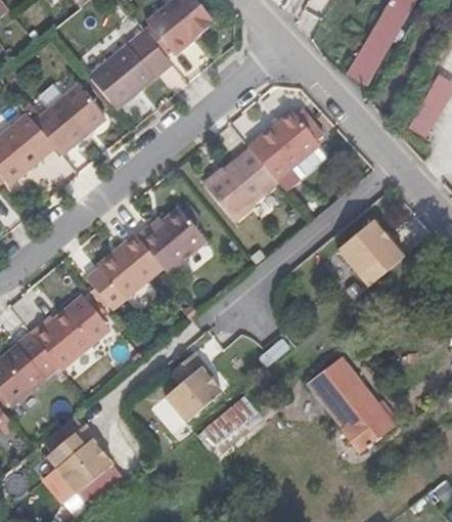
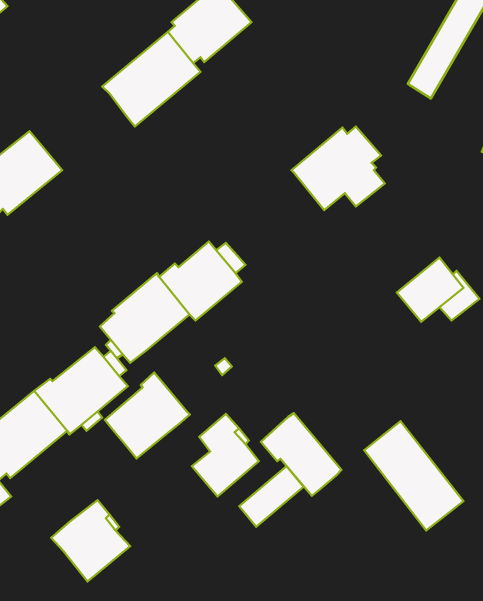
building: [33,82,109,155] -> none
building: [202,148,277,221] -> none
building: none -> [105,373,190,458]
building: none -> [261,413,341,496]

